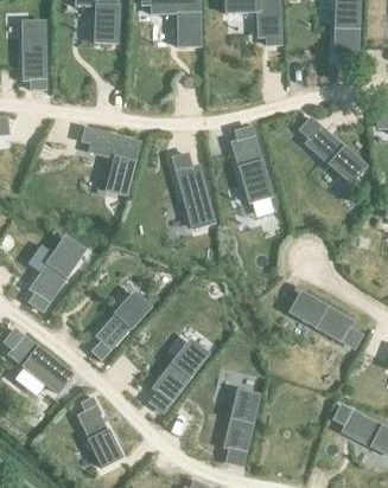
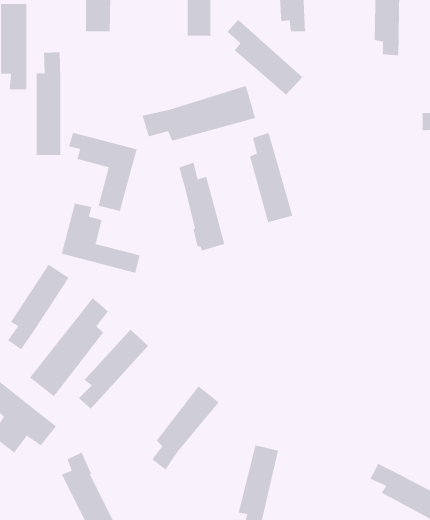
building: none -> [36,52,61,156]
building: none -> [142,85,256,141]
building: [300,117,364,181] -> [227,19,303,95]
building: none -> [61,203,140,273]
building: none -> [29,297,109,397]
building: [290,293,361,347] -> none

